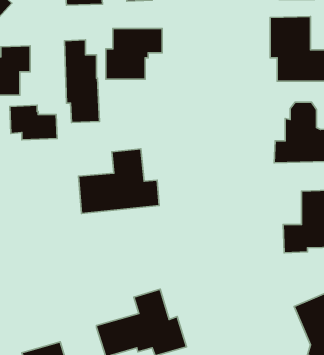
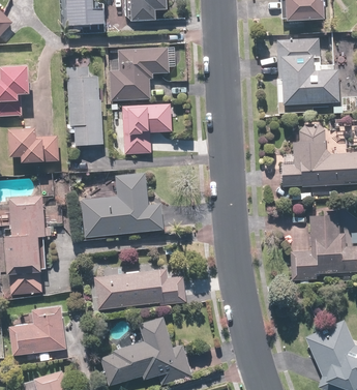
building: none -> [122,106,172,155]
building: none -> [6,198,46,294]
building: none -> [94,269,187,310]
building: none -> [8,307,63,354]

